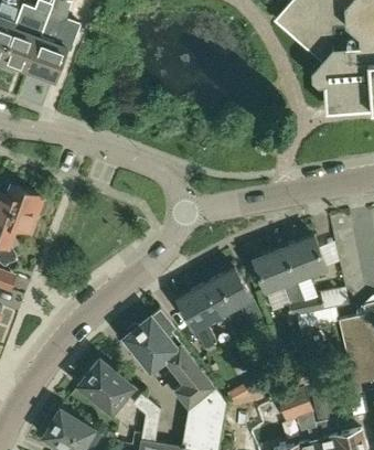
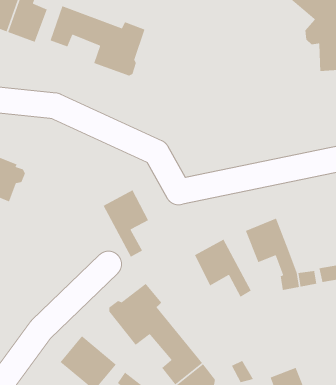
building: none -> [49,5,146,76]
building: [284,236,325,278] -> none
building: [177,282,221,347] -> [102,189,149,258]

